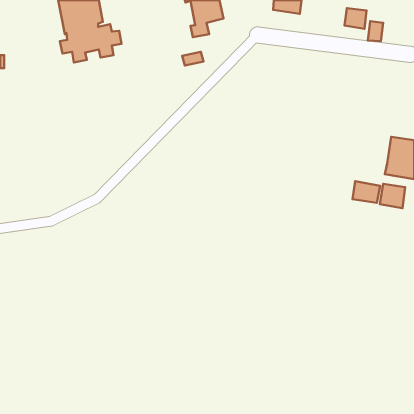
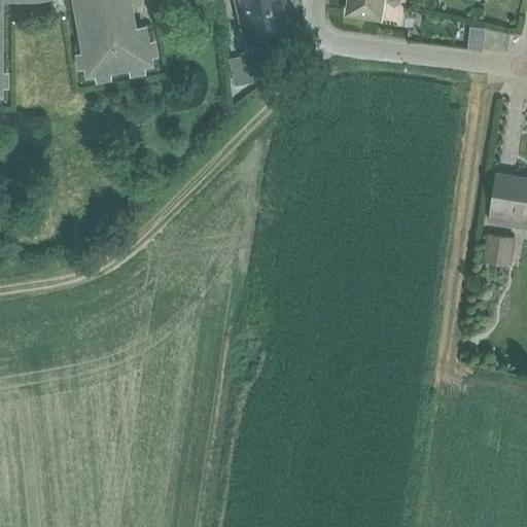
building: [345,8,366,29] -> none
building: [353,181,380,203] -> none

